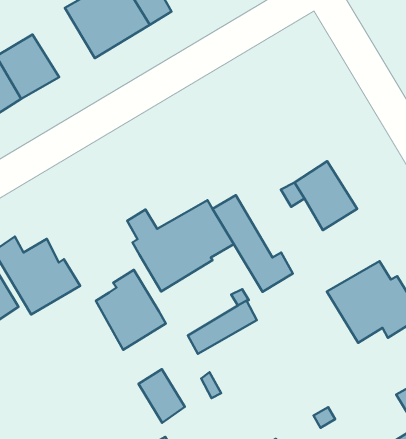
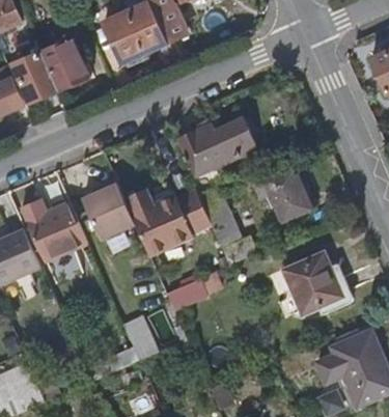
building: none -> [179,119,254,175]
building: [96,270,166,350] -> [83,178,136,241]

